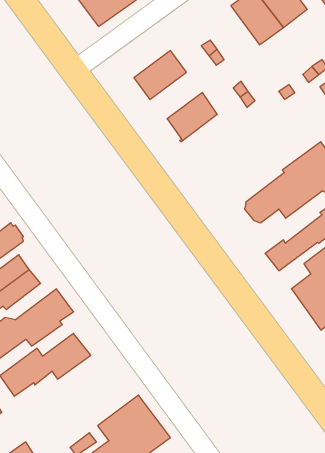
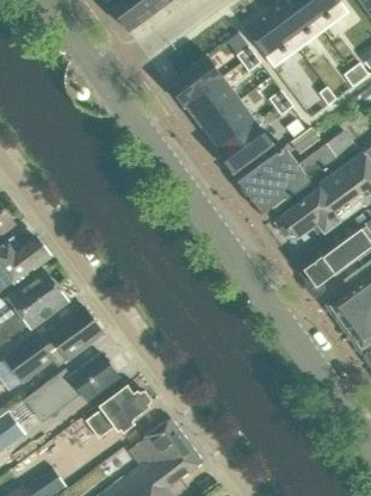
building: none -> [242,11,297,70]
building: none -> [183,80,237,129]
building: none -> [215,124,270,175]
building: none -> [237,129,358,216]
building: none -> [86,388,152,439]

